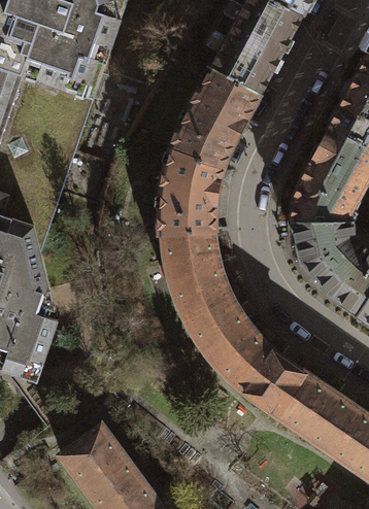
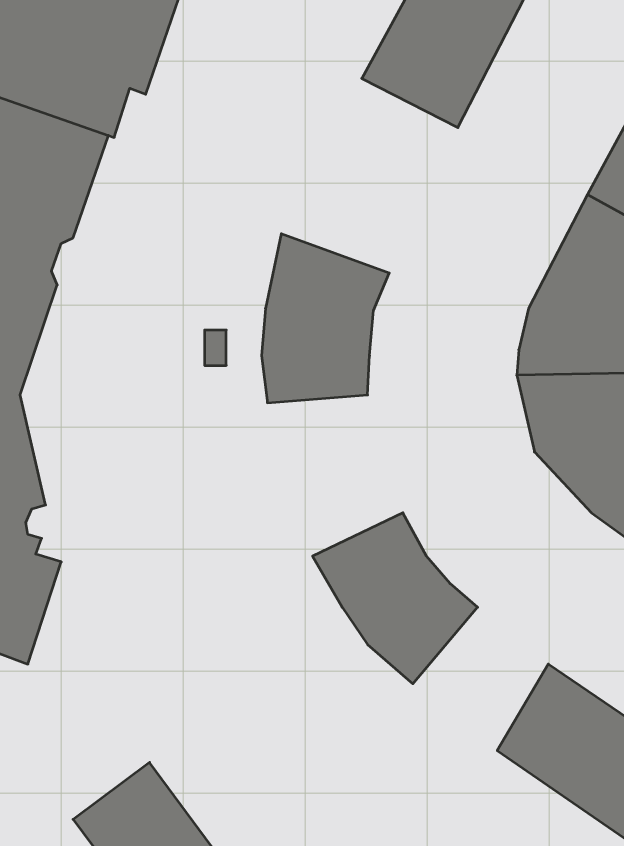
building: [168,66,261,168] -> none
building: [161,232,232,316] -> none
building: [237,343,308,418] -> none

